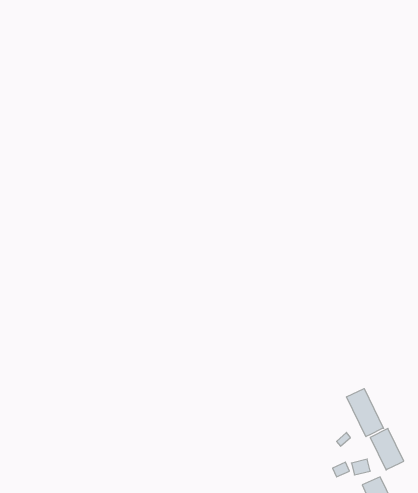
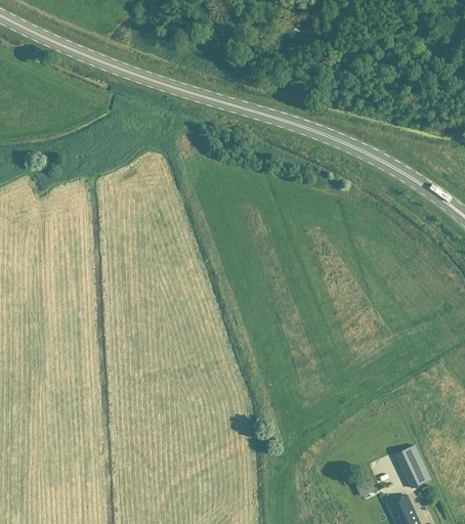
building: [347,389,384,437] -> none

